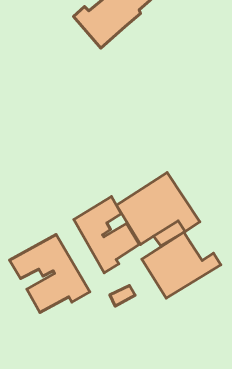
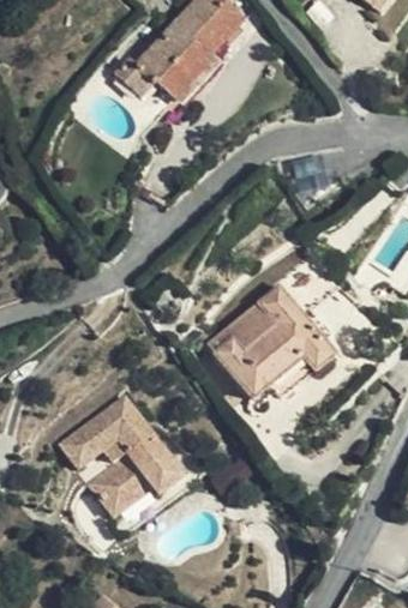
building: [74,197,139,273] -> none
building: [142,232,221,298] -> none

